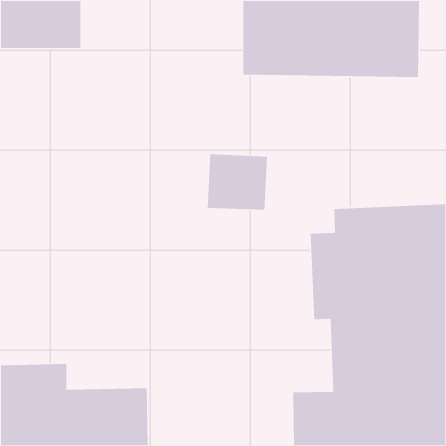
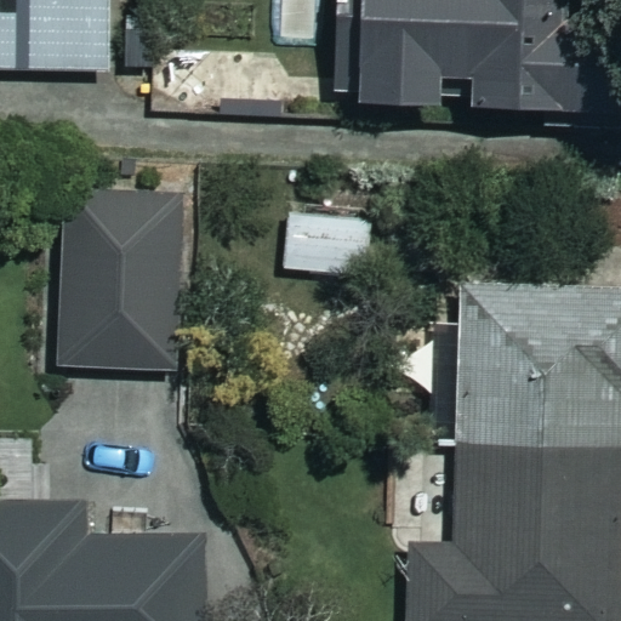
building: none -> [61,193,176,370]

